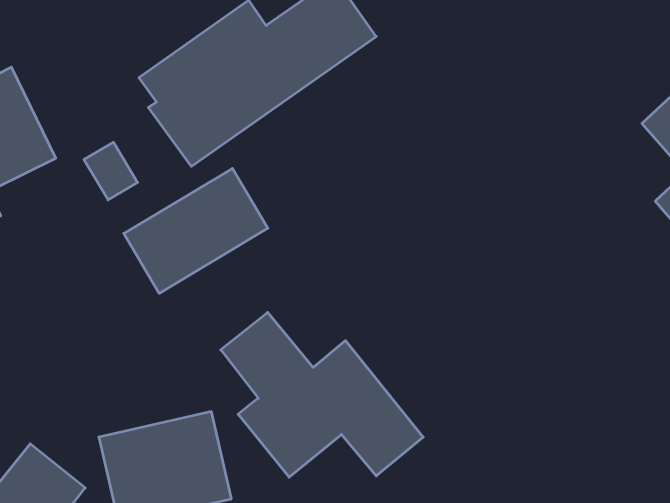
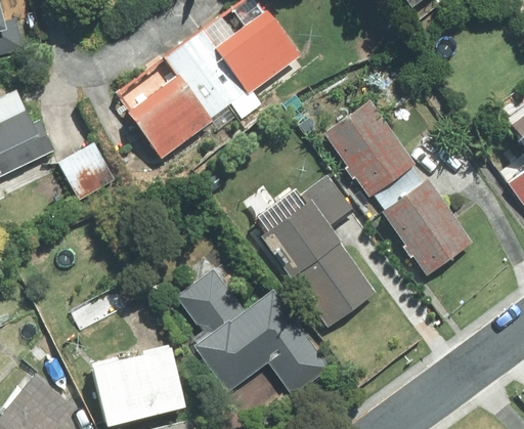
building: none -> [323,100,476,278]
building: [124,168,268,293] -> none
building: none -> [257,172,376,328]

